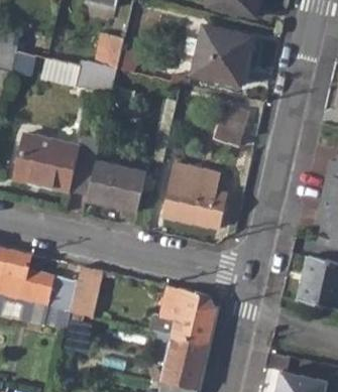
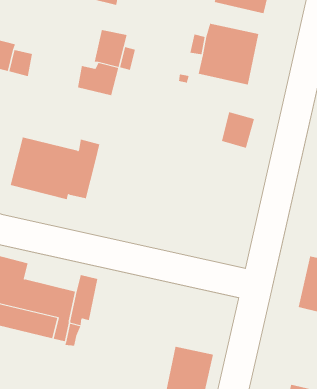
building: [41,56,82,87] -> none
building: [86,158,146,211] -> none
building: [164,162,228,228] -> none
building: [160,285,217,343] -> none

